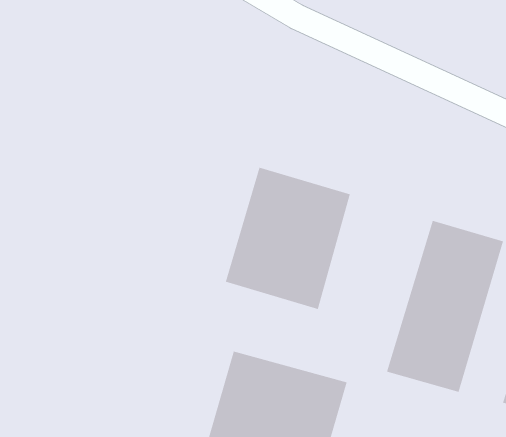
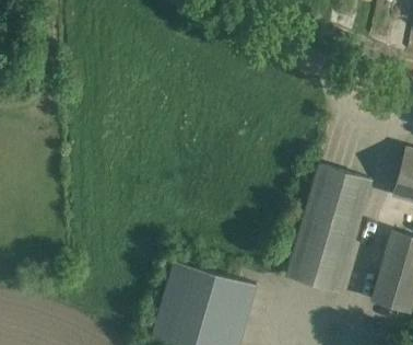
building: [225,167,350,310] -> none

